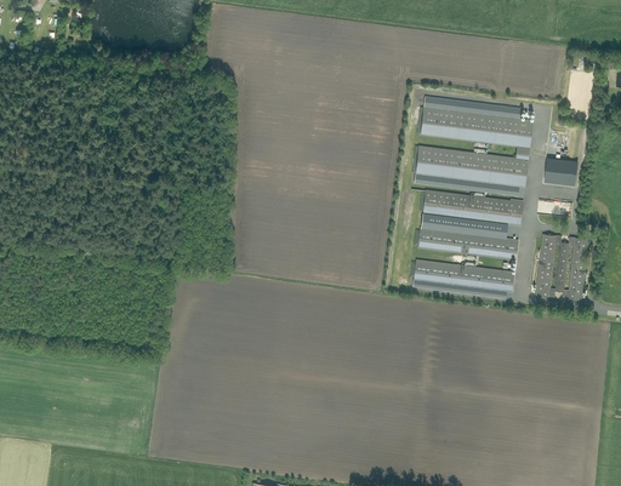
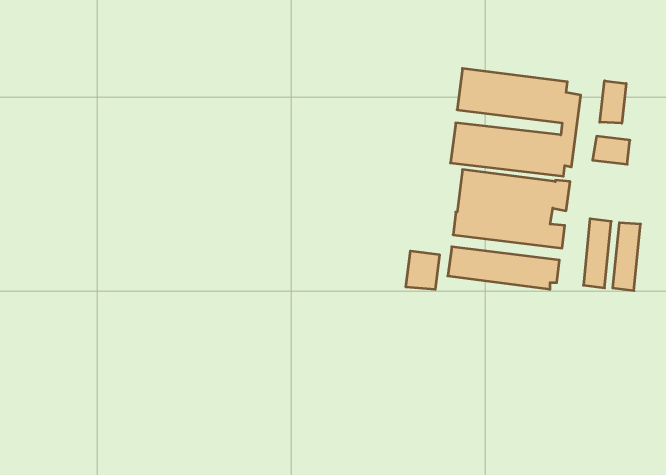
building: none -> [600,81,626,123]
building: none -> [406,251,439,289]

